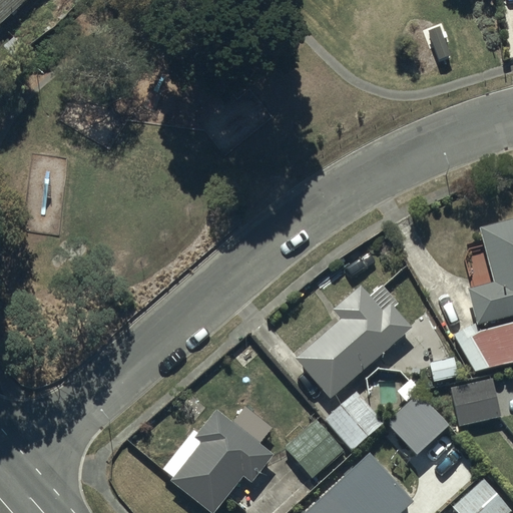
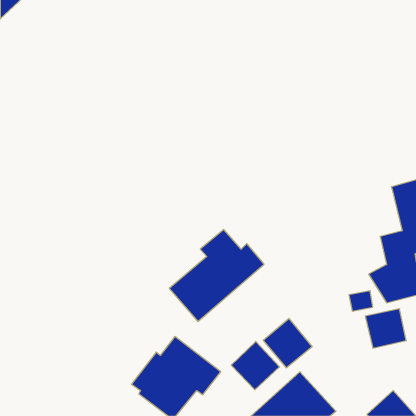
building: [296,287,412,399] -> [169,230,264,321]
building: [391,395,452,456] -> none

